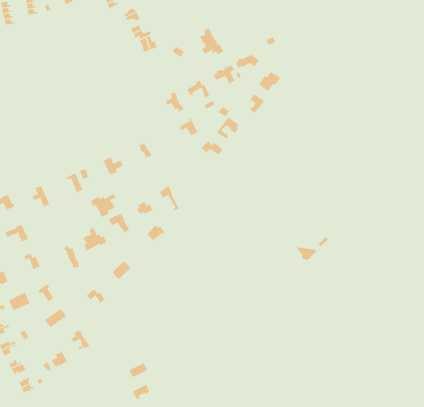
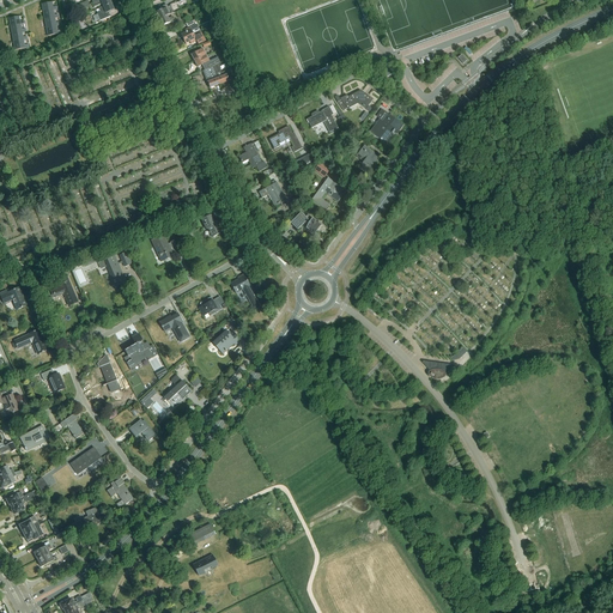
building: [199,28,224,55] -> none
building: [90,193,116,218] -> none

